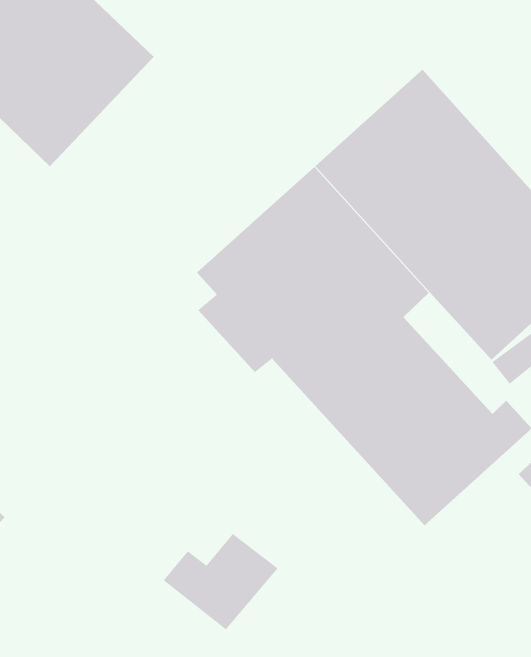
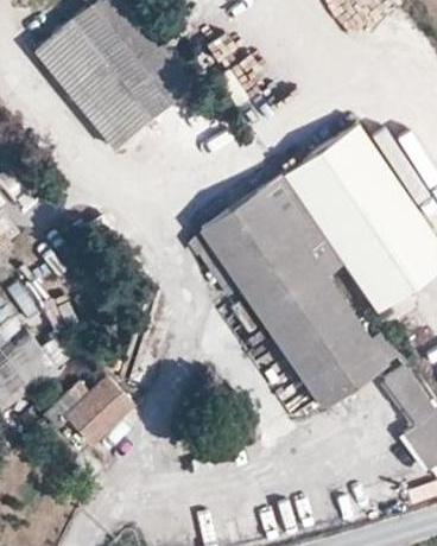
building: [163,533,279,630] -> [57,383,131,444]

